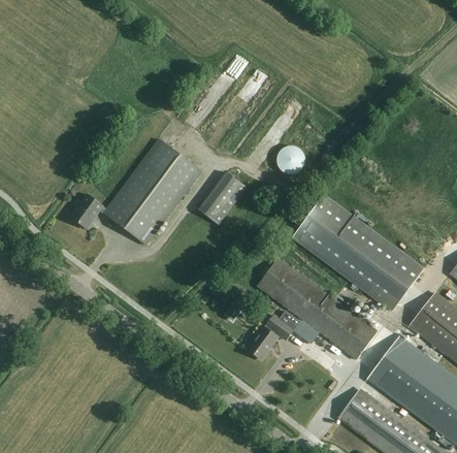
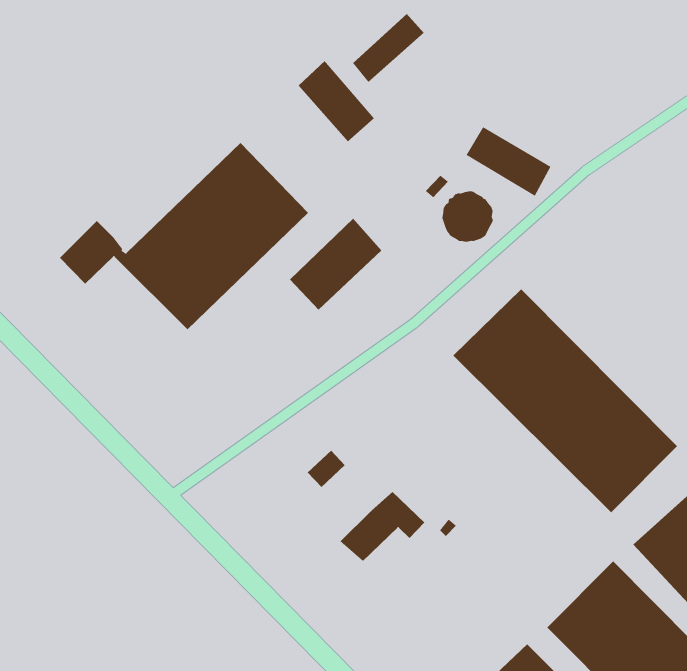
building: none -> [298,60,375,142]
building: none -> [466,126,551,197]
building: [256,258,377,359] -> none

